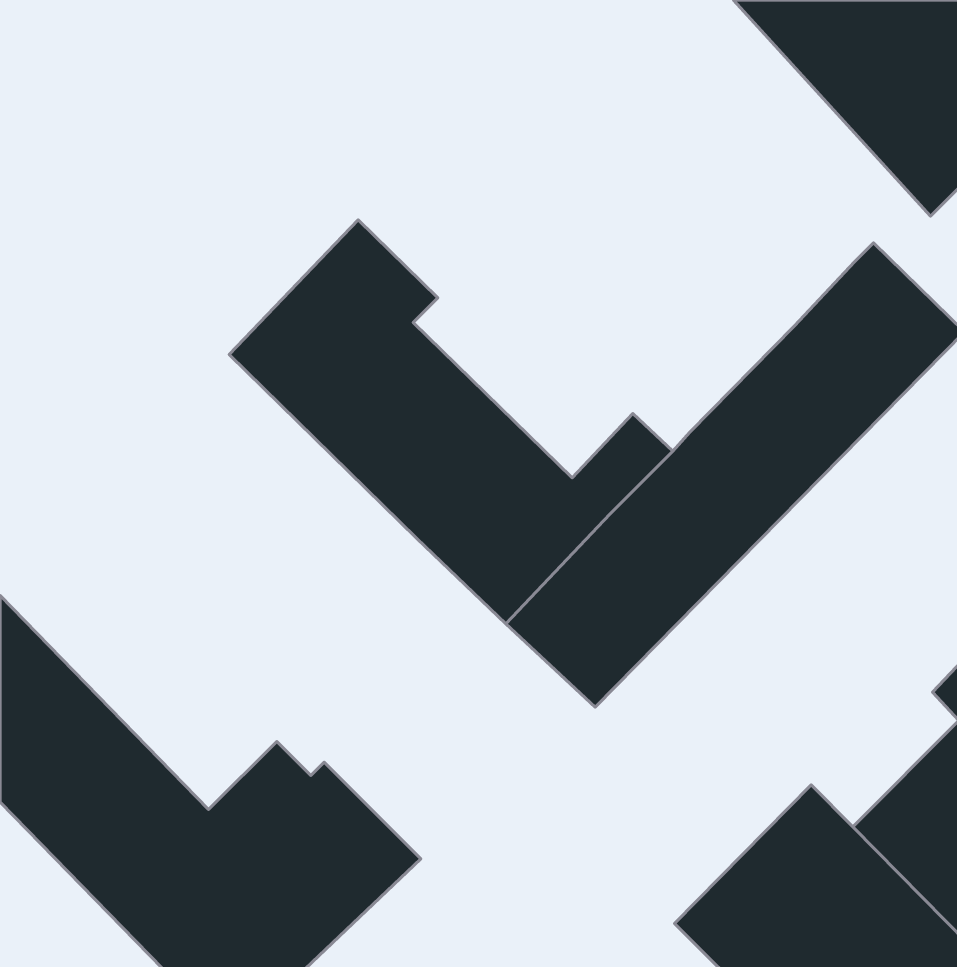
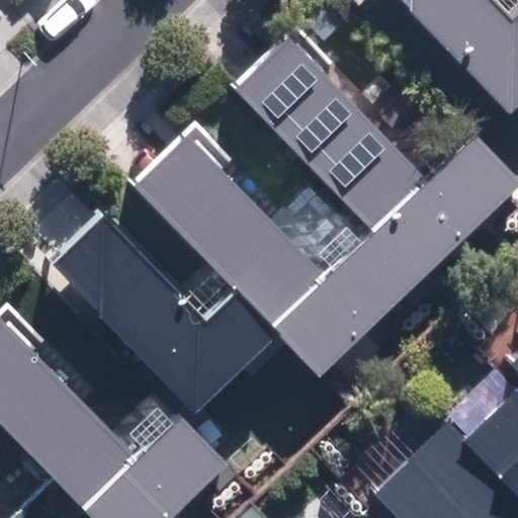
building: none -> [228,21,462,232]
building: none -> [48,215,276,419]

